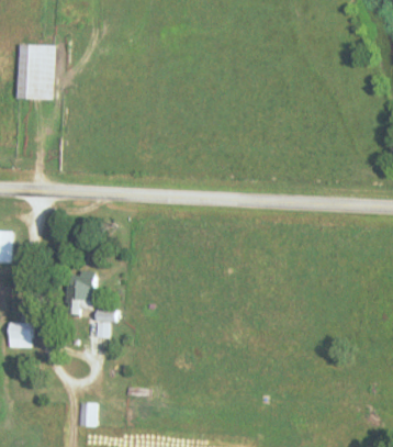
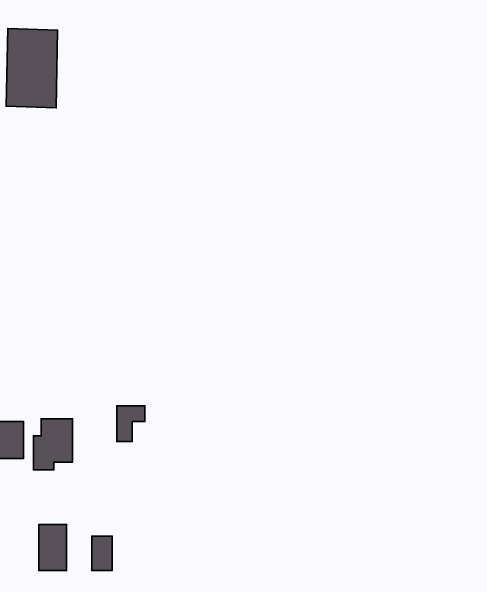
building: [67,271,94,308] -> [33,419,72,470]
building: none -> [39,525,66,571]

